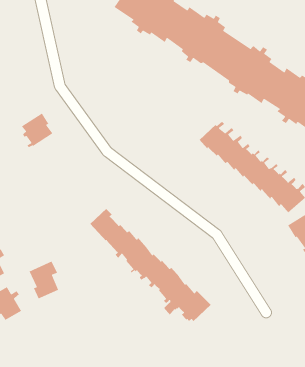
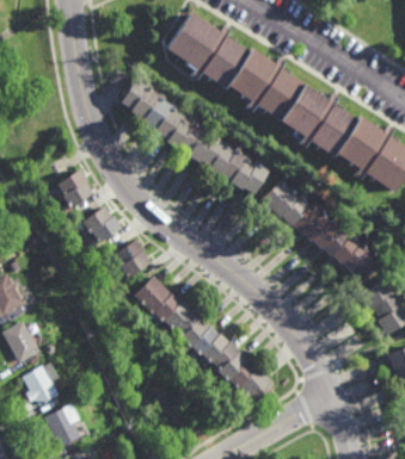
building: none -> [123,77,268,194]
building: none -> [84,205,123,243]
building: none -> [116,237,152,278]
building: [29,261,59,299] -> [45,402,80,446]

